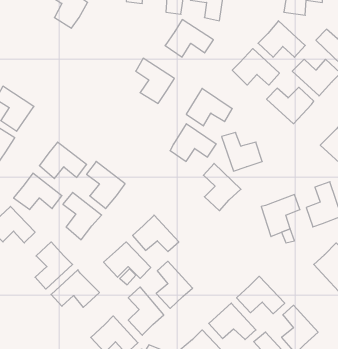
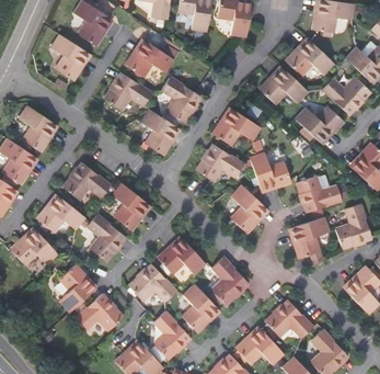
building: none -> [49,34,90,81]
building: [165,20,213,57] -> [125,39,174,78]
building: none -> [103,72,151,111]
building: none -> [140,109,180,156]
building: none -> [296,175,342,213]
building: none -> [211,257,247,305]

